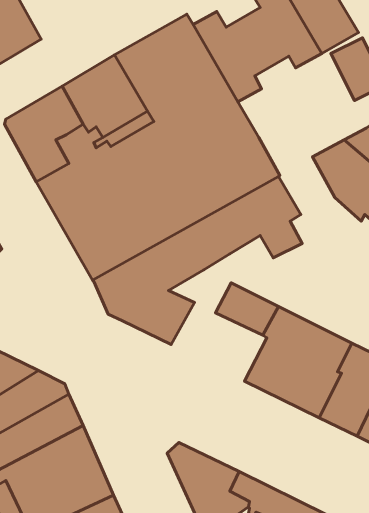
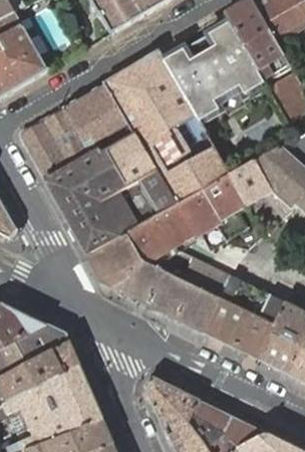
building: none -> [230,160,273,204]
building: none -> [147,271,221,331]

